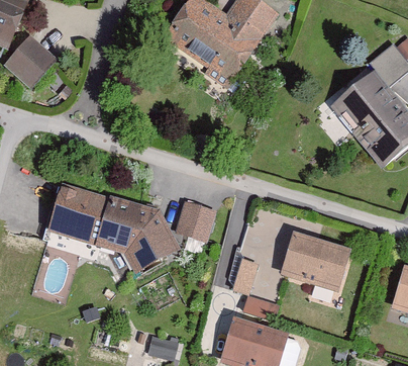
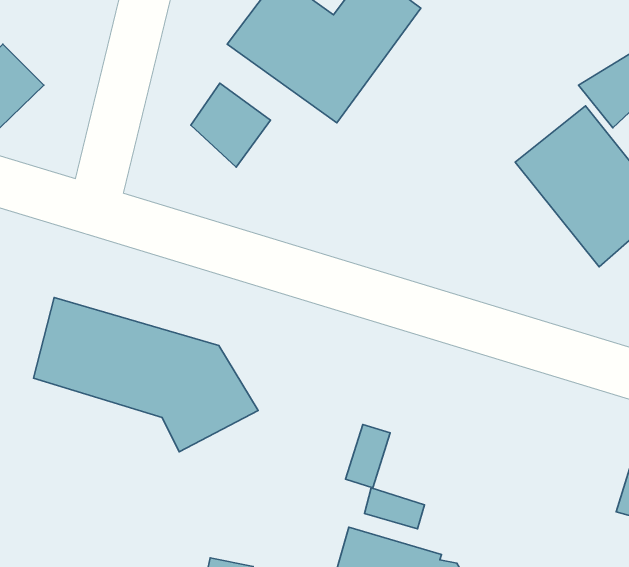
building: none -> [191,83,271,167]
building: [175,196,214,237] -> none
building: [280,232,351,292] -> none

